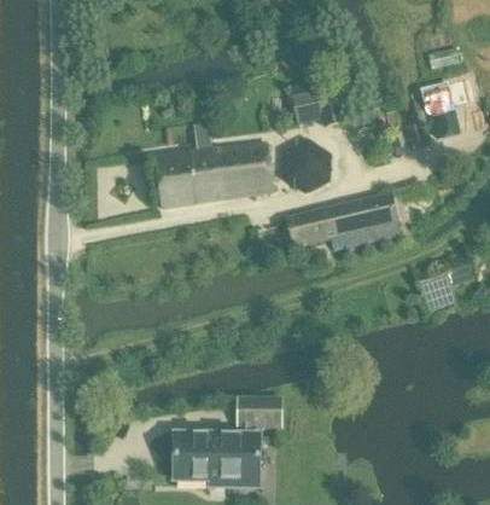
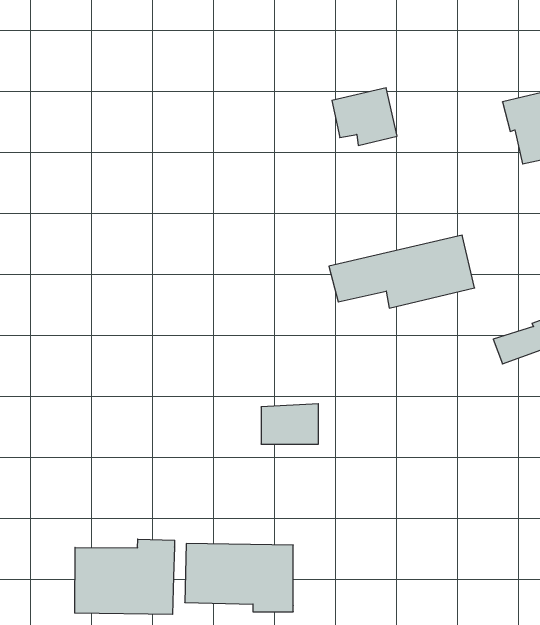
building: [154,123,273,208] -> none
building: [237,397,281,429] -> [261,404,318,444]
building: none -> [75,539,175,614]

